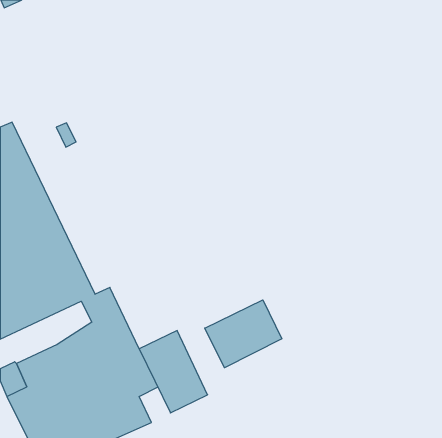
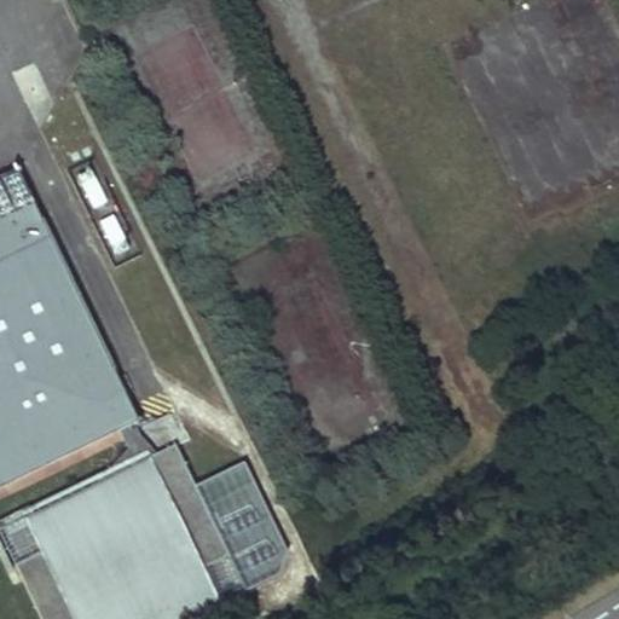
building: [205,300,282,368] -> none
building: none -> [195,546,238,596]

